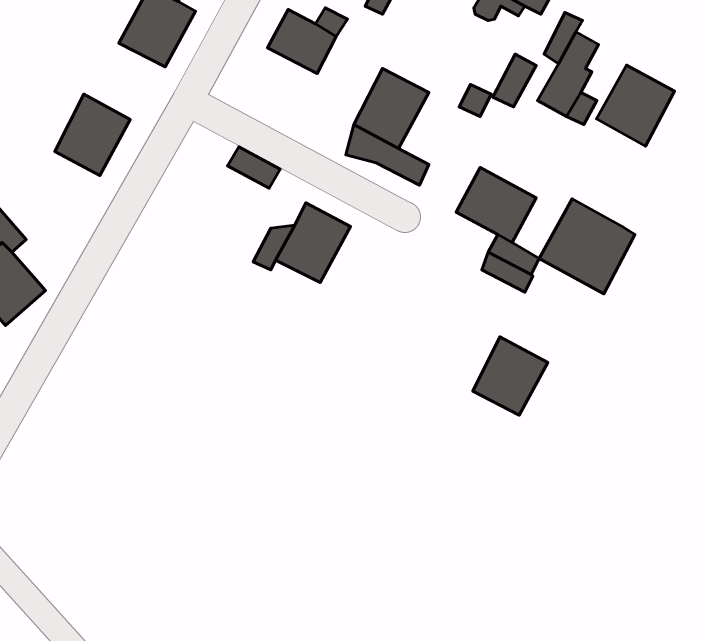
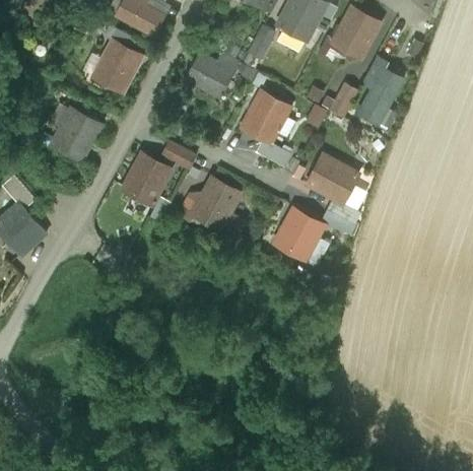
building: [596,65,674,146] -> none
building: none -> [123,152,170,203]
building: [539,199,635,294] -> none
building: [473,337,548,415] -> [275,208,323,258]

